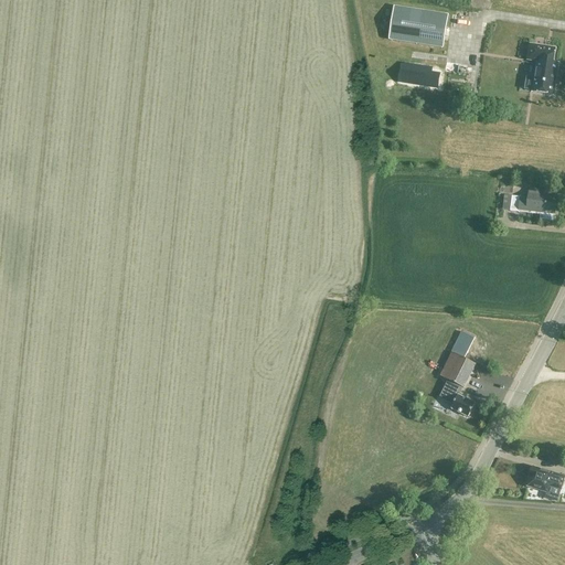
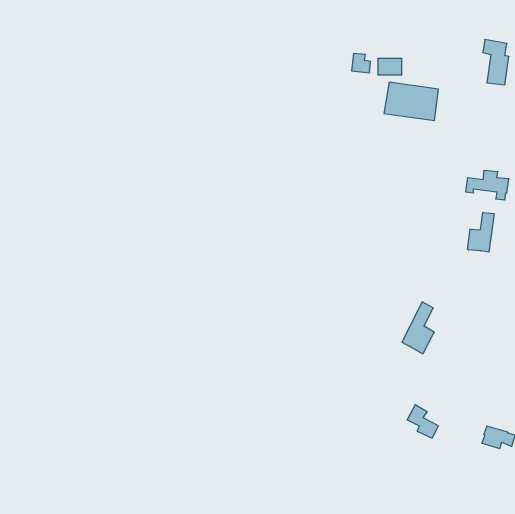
building: [387,4,447,46] -> [384,82,438,121]
building: none -> [467,212,494,252]
building: [439,379,473,415] -> [407,405,438,438]

